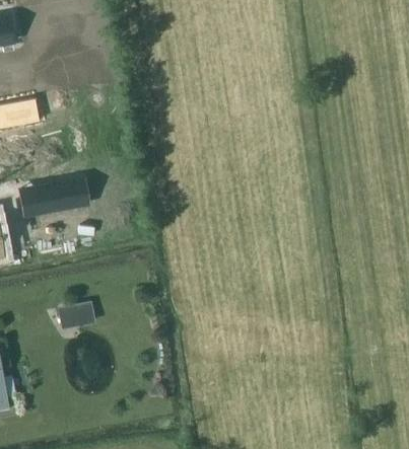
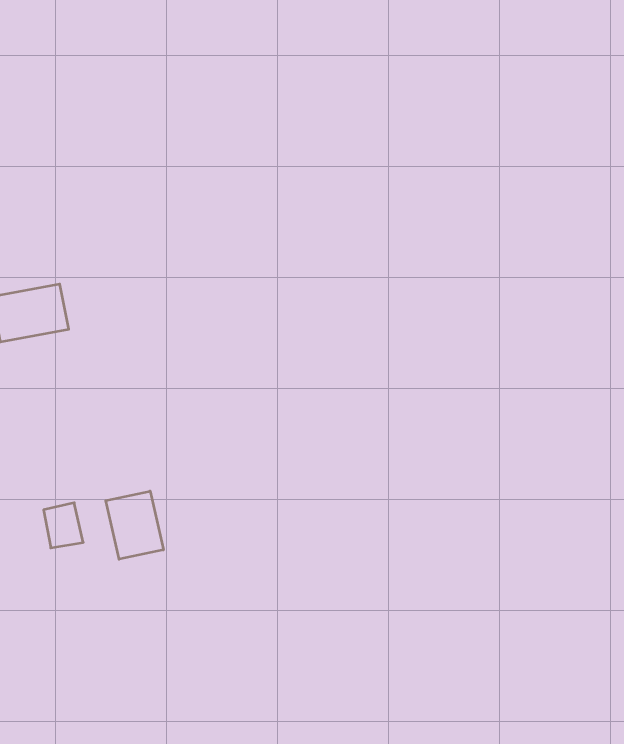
building: none -> [106,491,163,559]

